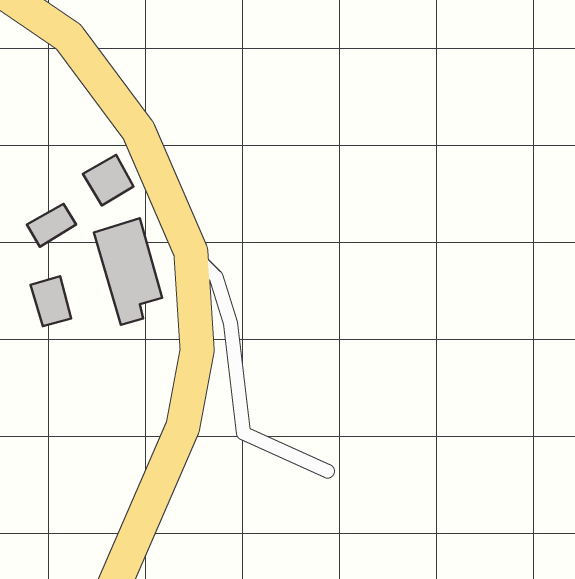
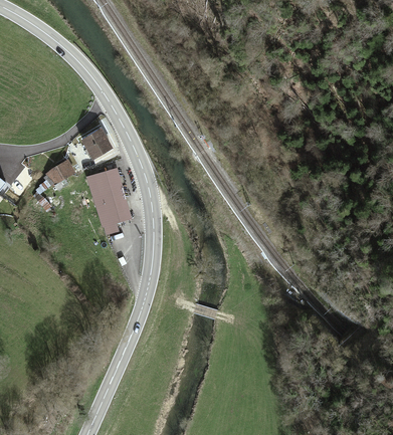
building: [31,276,71,326] -> none

